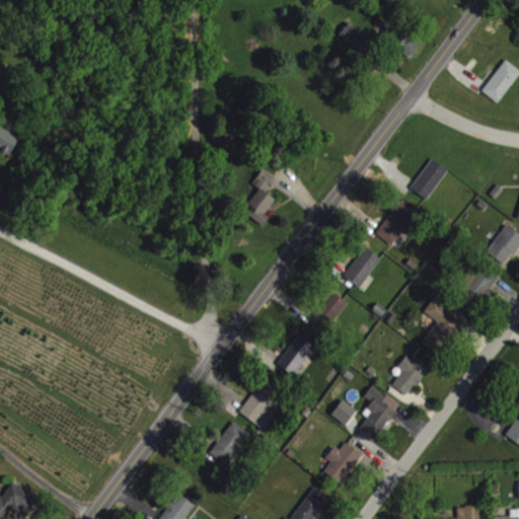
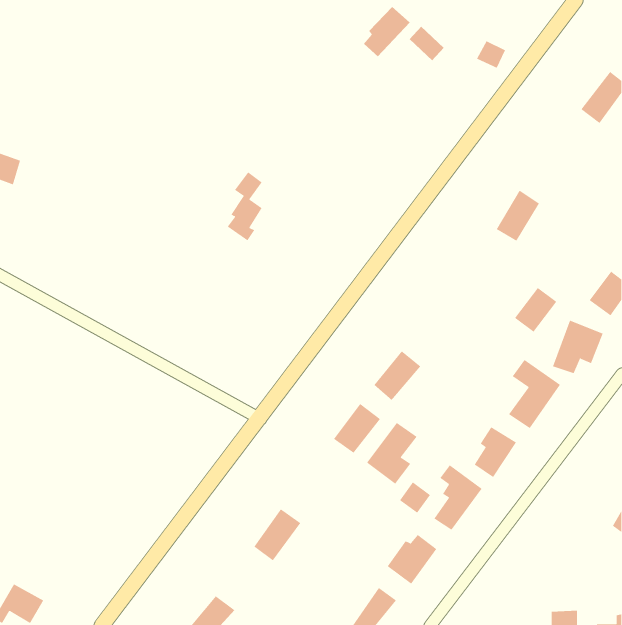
building: none -> [363,6,410,57]
building: [245,168,275,226] -> [227,171,262,241]
building: [375,208,411,245] -> [514,287,557,333]
building: [344,247,381,288] -> none
building: [238,378,281,430] -> [366,422,417,485]

